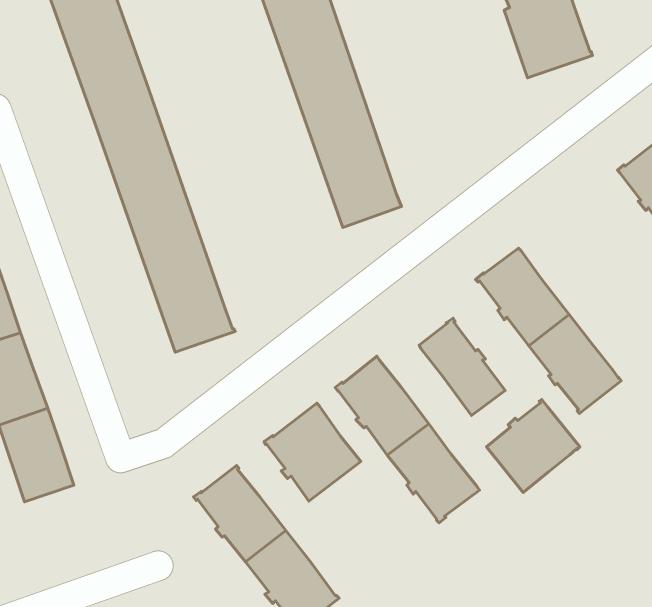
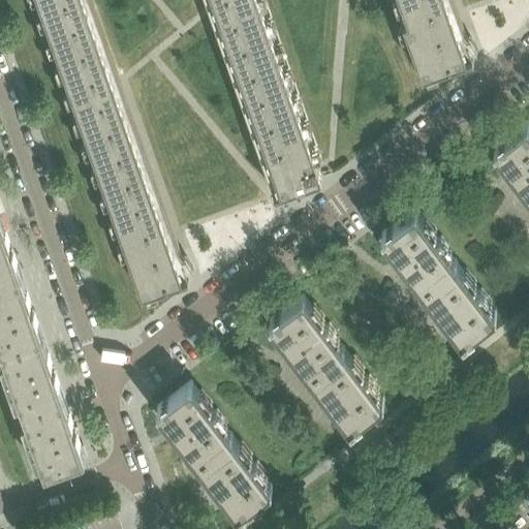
building: [419,318,505,415] -> none
building: [486,400,580,492] -> none
building: [264,403,361,501] -> none
building: none -> [20,407,81,483]

